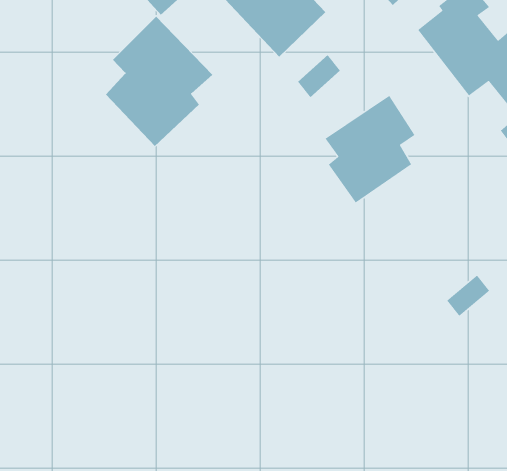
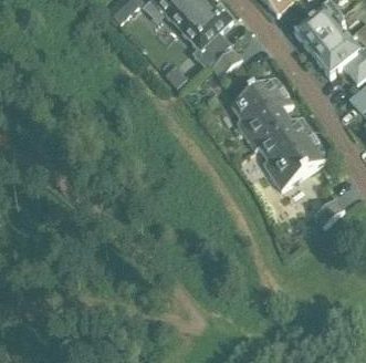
building: [105,16,213,147] -> none
building: none -> [254,115,325,190]

